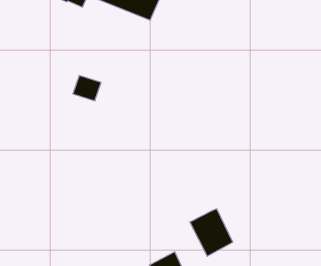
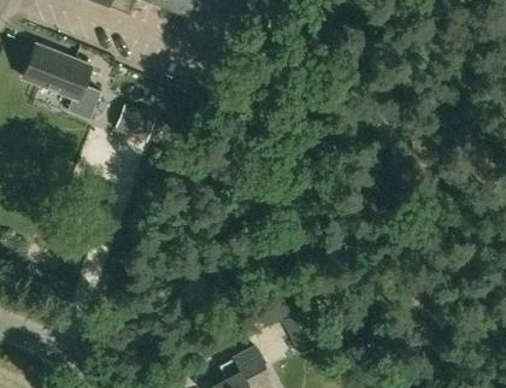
building: none -> [23,42,100,118]

